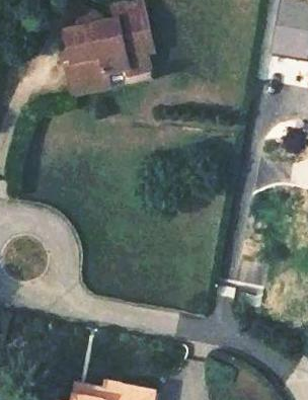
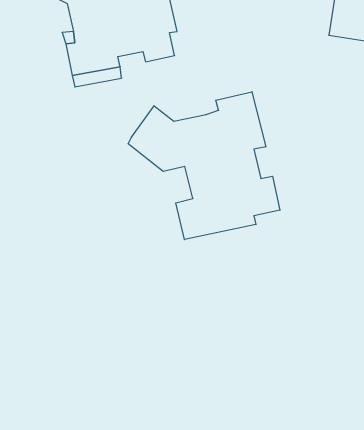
building: none -> [128,92,280,240]

